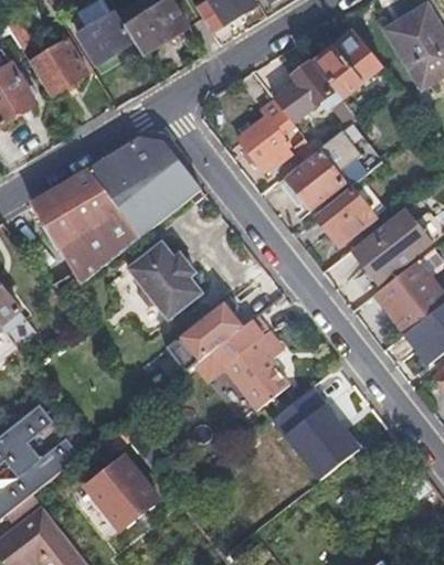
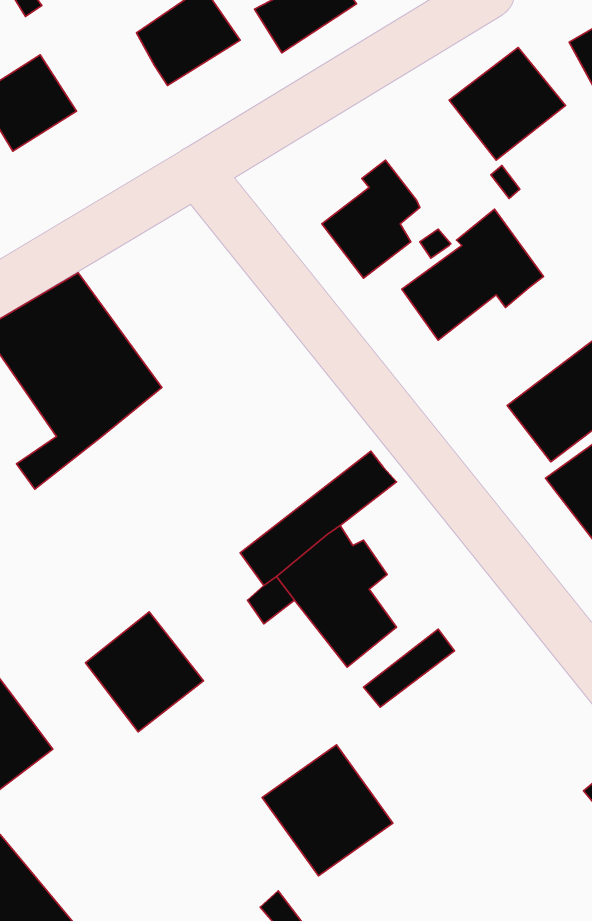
building: [76,8,136,66] -> none
building: [274,60,343,124] -> none
building: [89,138,200,237] -> none
building: [317,191,373,245] -> none
building: [128,239,201,317] -> none
building: [276,401,356,480] -> [262,745,393,876]
building: [85,456,157,529] -> [85,612,204,732]

